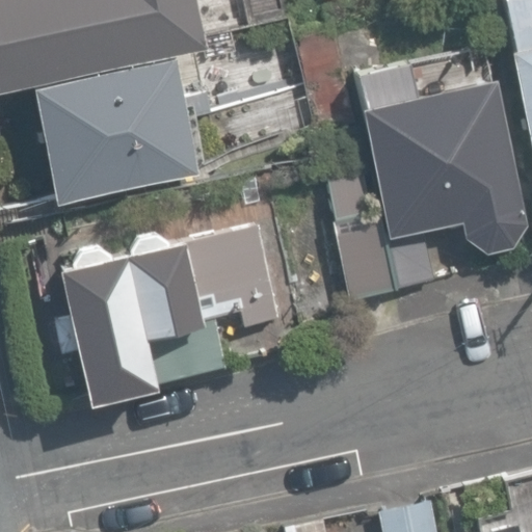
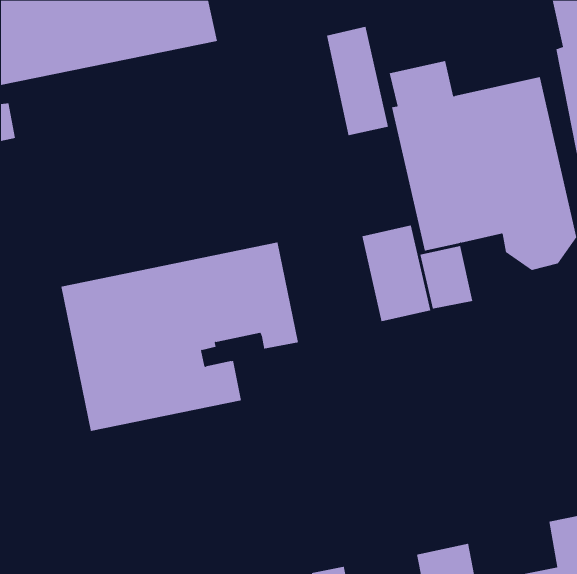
building: [33,57,209,204] -> none

